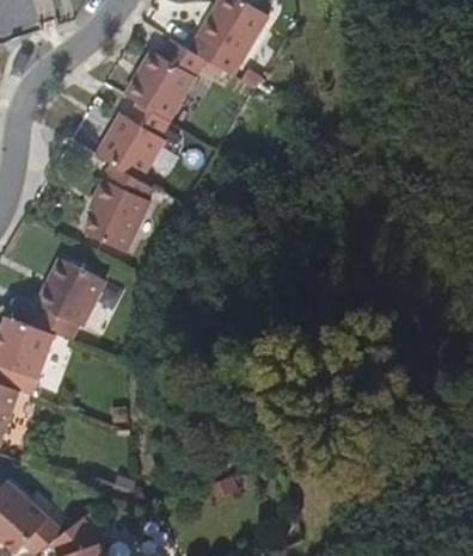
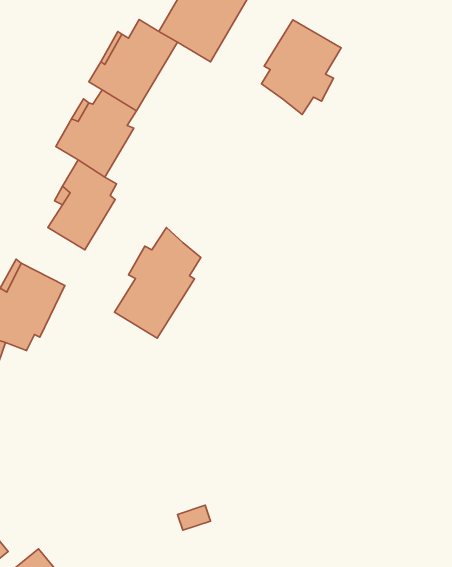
building: none -> [262,20,341,115]
building: none -> [115,227,201,338]

